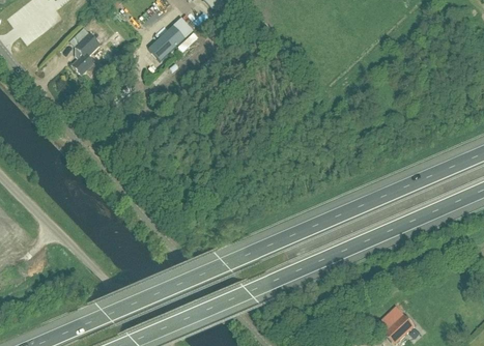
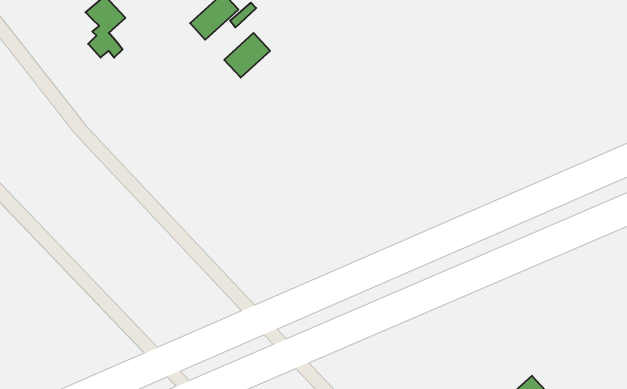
building: none -> [224,33,270,78]

